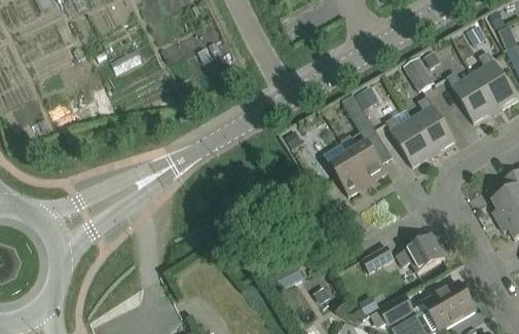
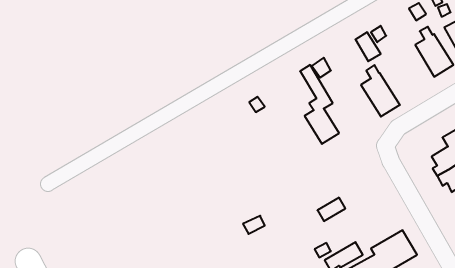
building: [445,71,494,121] -> none
building: [385,114,434,165] -> none
building: [328,152,367,195] -> none
building: [397,233,444,272] -> none

